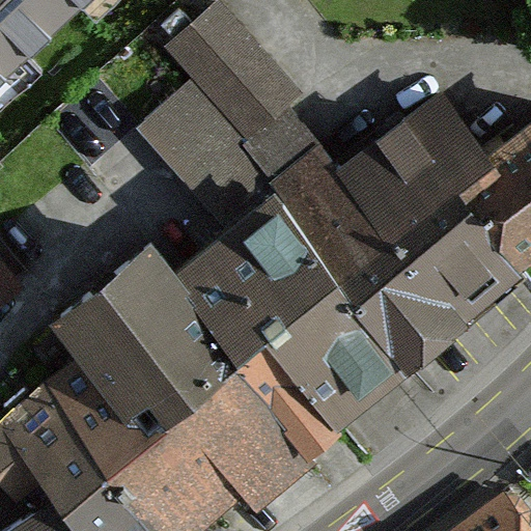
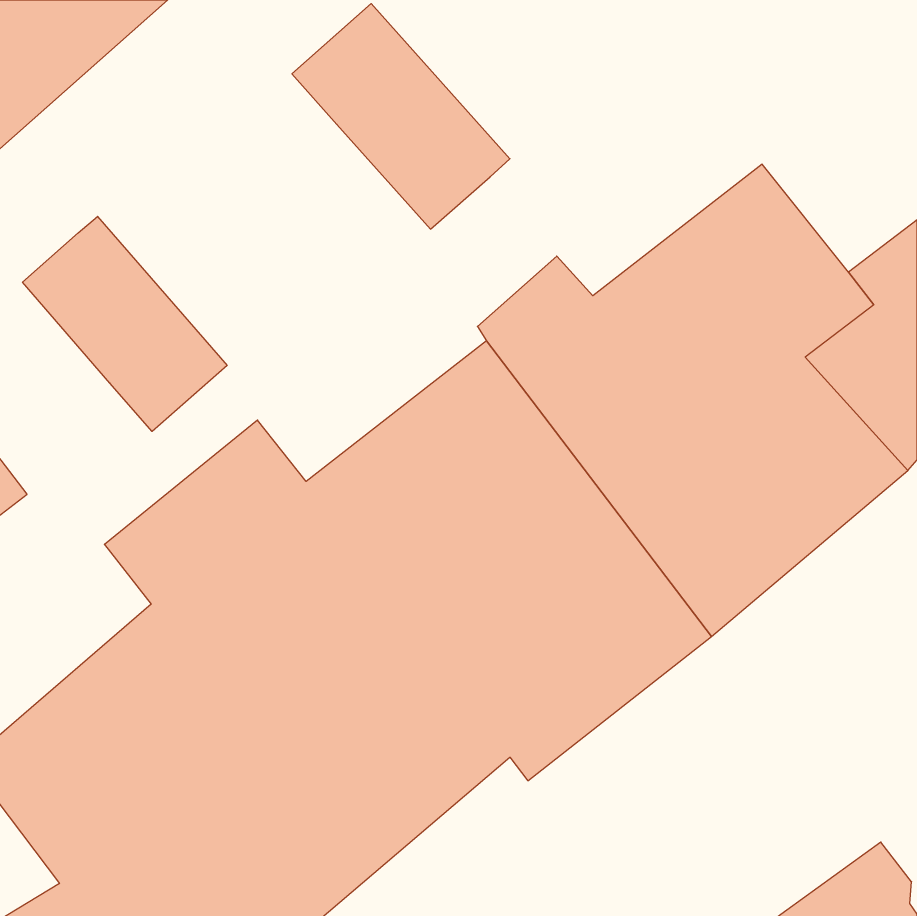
building: [141,75,320,232] -> none
building: none -> [23,216,227,431]

